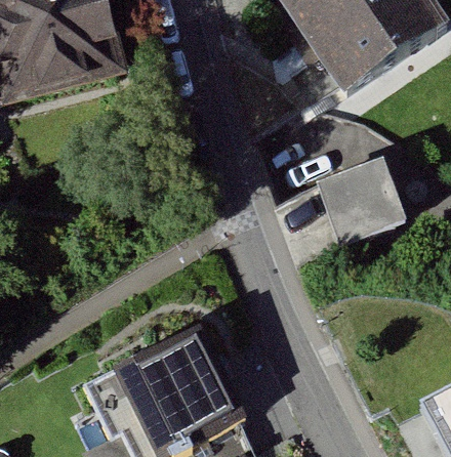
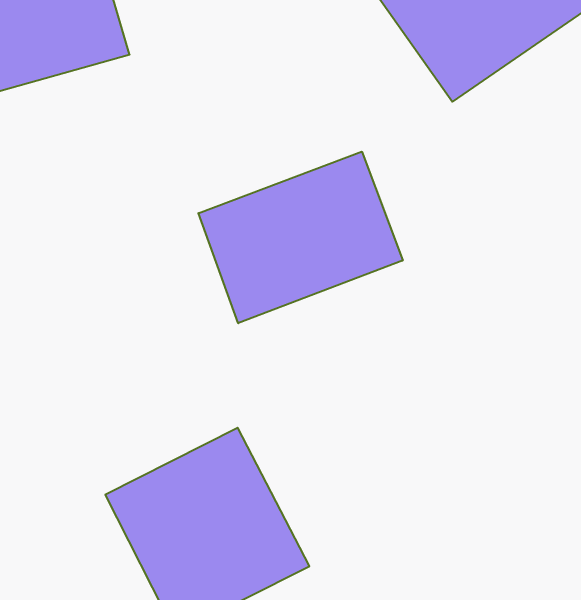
building: none -> [198,152,403,323]
building: [322,144,407,228] -> none

